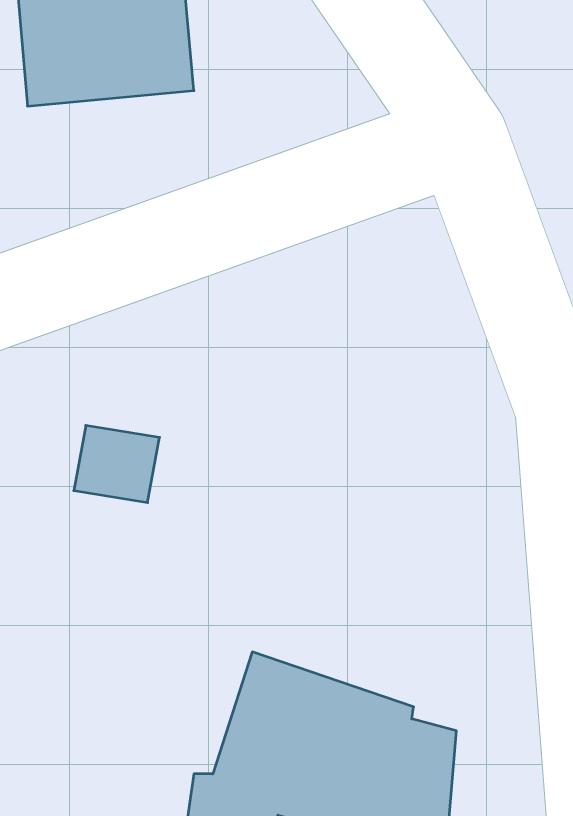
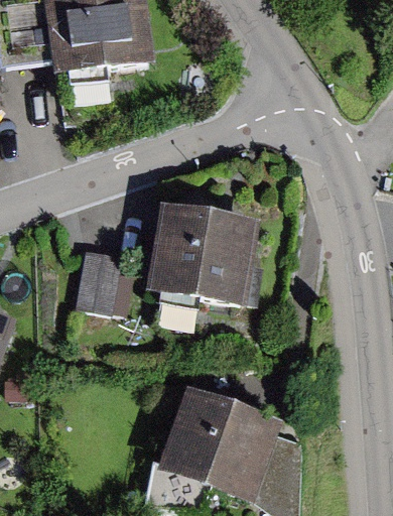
building: none -> [150,208,252,305]

